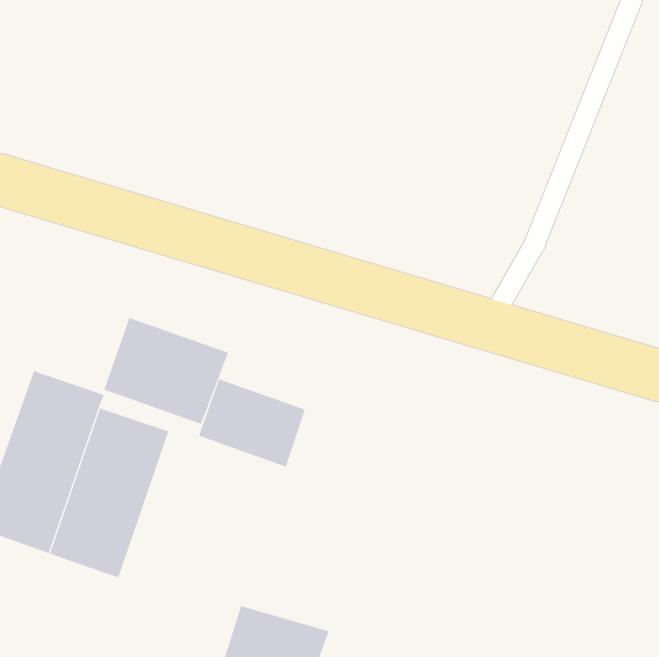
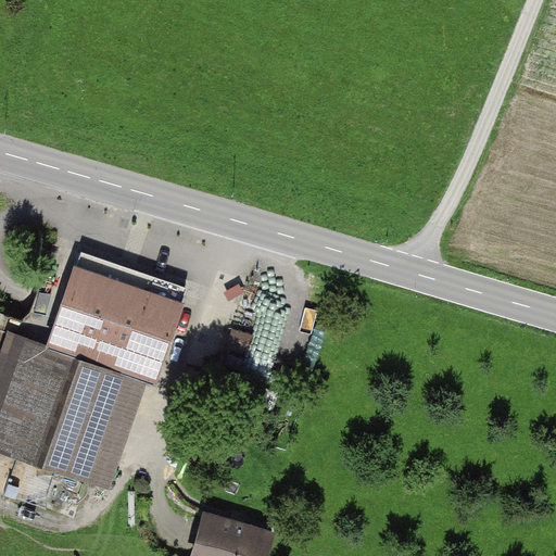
building: none -> [59,262,108,330]
building: [199,379,305,467] -> none

